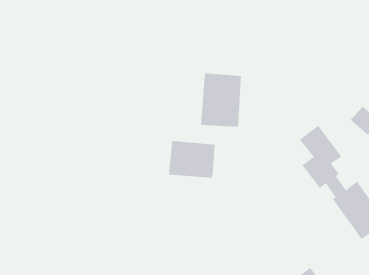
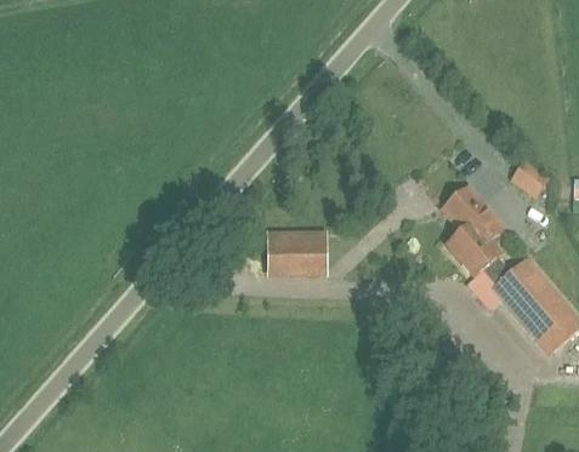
building: [201,72,241,127] -> none

